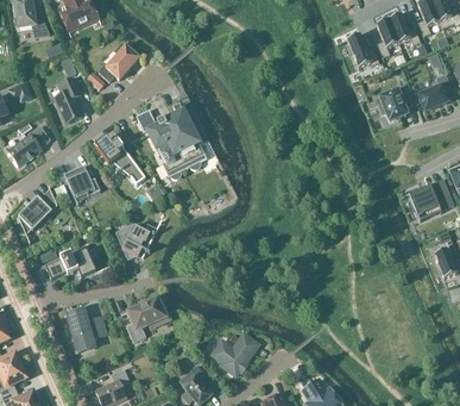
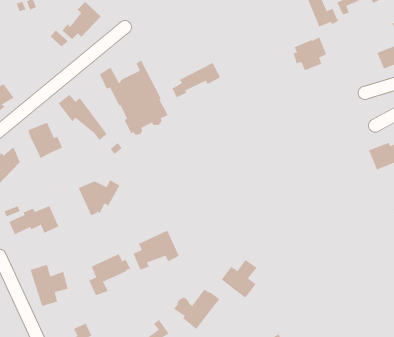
building: [53,77,83,123] -> none
building: [378,86,412,120] -> [293,37,327,71]
building: none -> [172,62,221,98]
building: none -> [133,230,180,270]
building: none -> [221,259,257,299]

